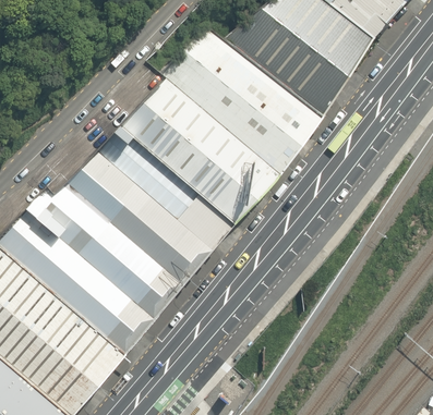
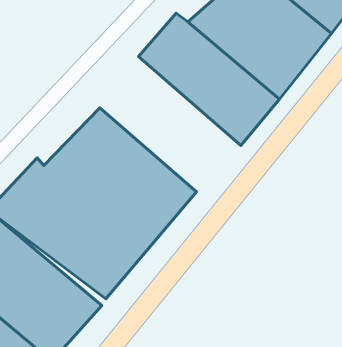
building: [121,78,277,227] -> none

